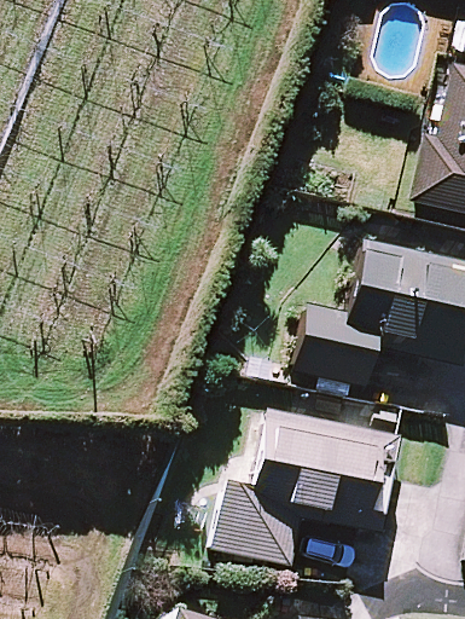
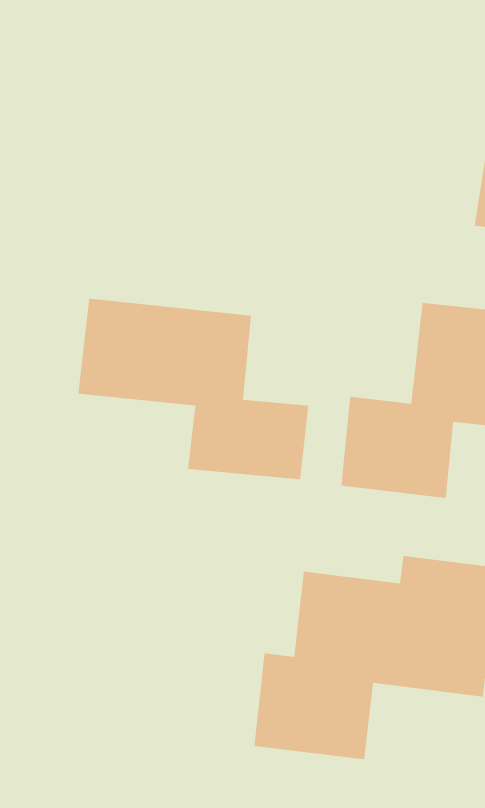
building: none -> [78,298,309,480]

